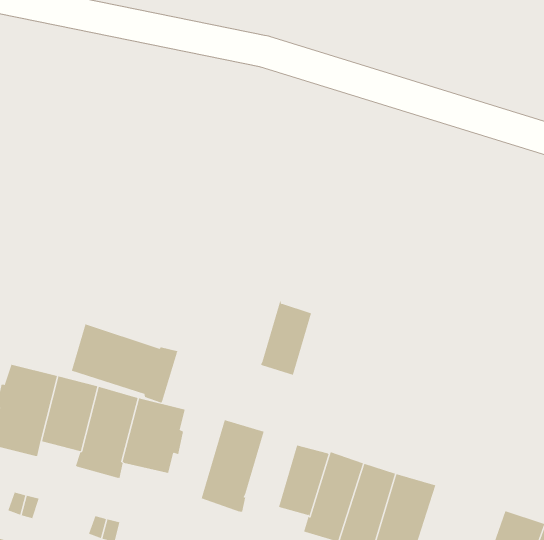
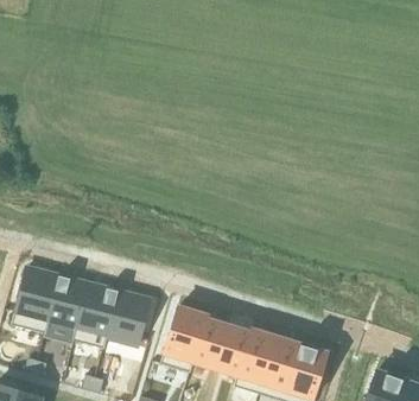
building: [260,300,312,375] -> [192,314,229,368]
building: [71,324,179,403] -> none

